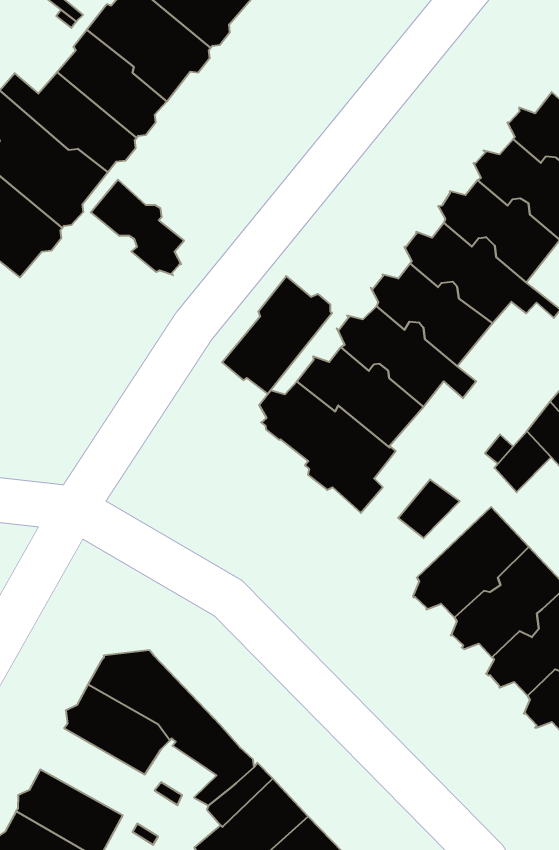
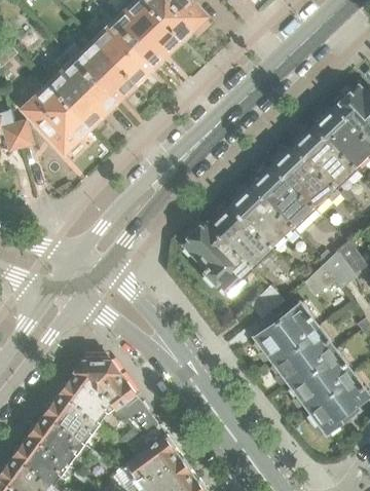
building: [91,180,184,275] -> none
building: [222,276,332,394] -> none
building: none -> [43,392,99,443]

